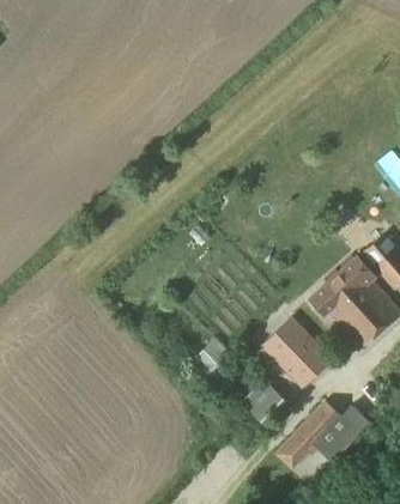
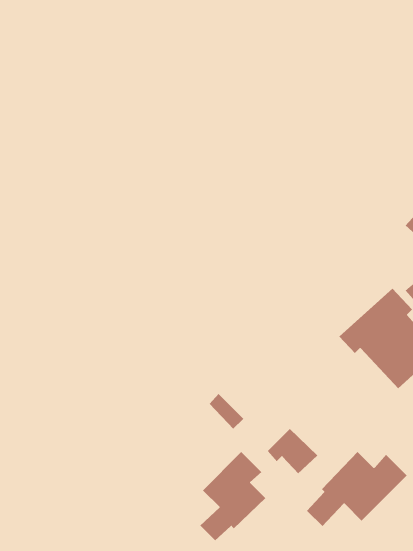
building: [271,318,334,381] -> none
building: none -> [199,451,266,541]

